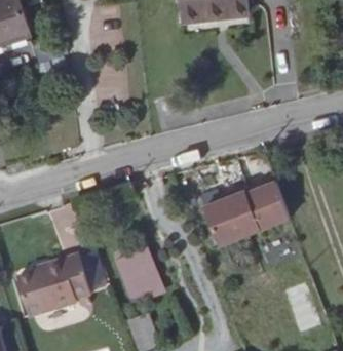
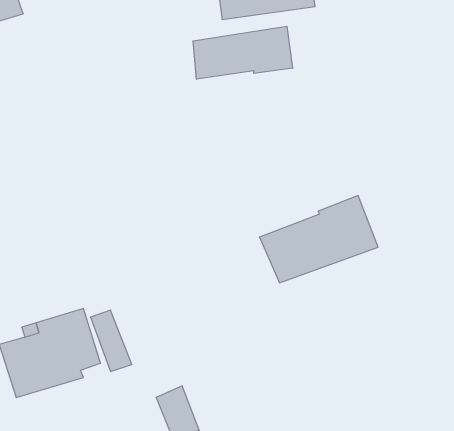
building: none -> [193,26,293,79]
building: [120,242,166,294] -> none

